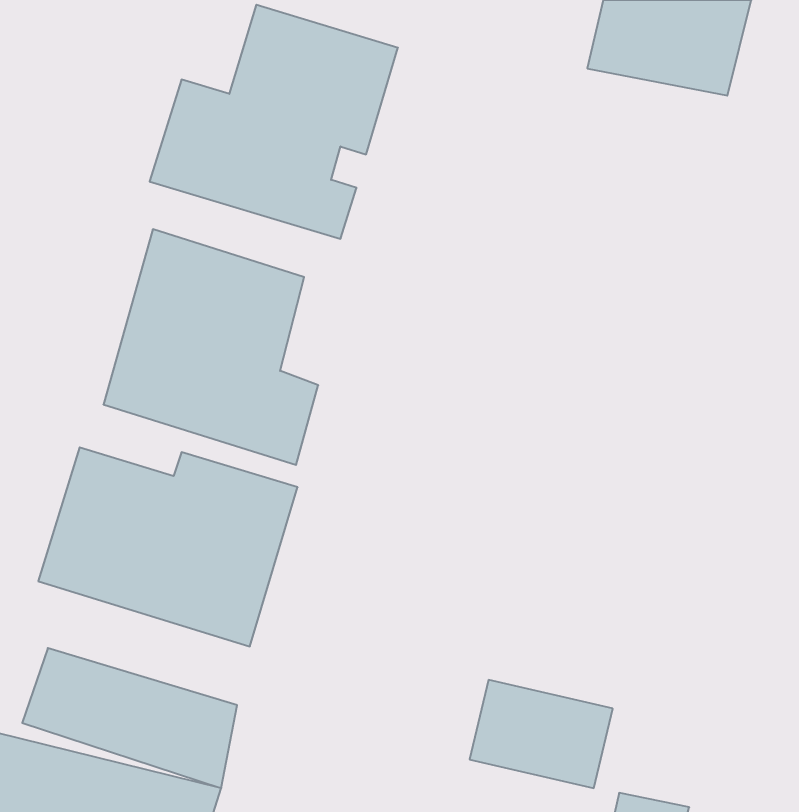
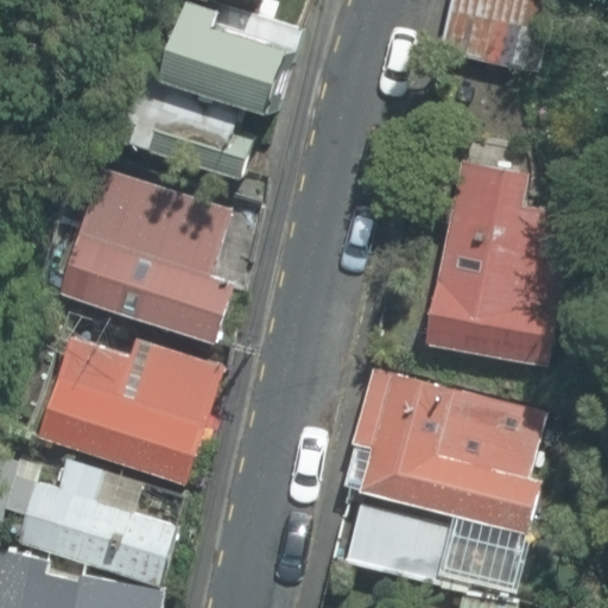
building: none -> [393,146,550,362]
building: none -> [346,368,552,532]

